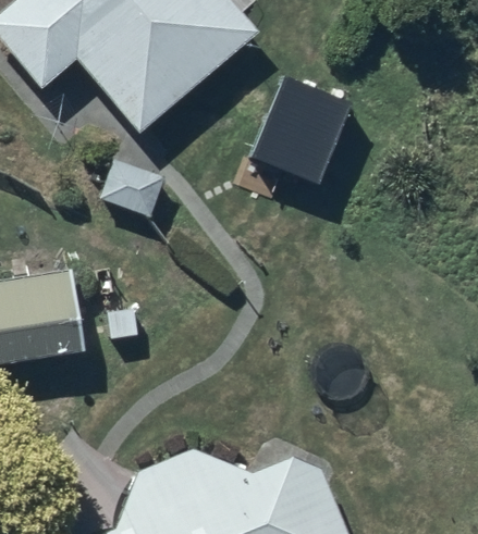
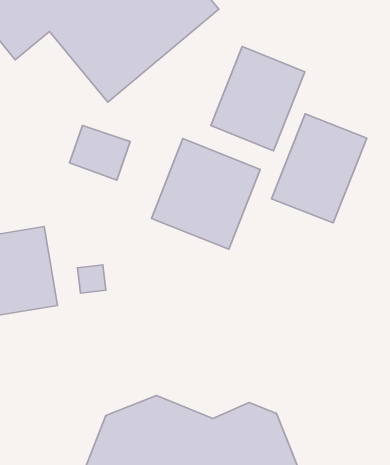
building: none -> [271,114,367,223]
building: none -> [152,139,260,249]

